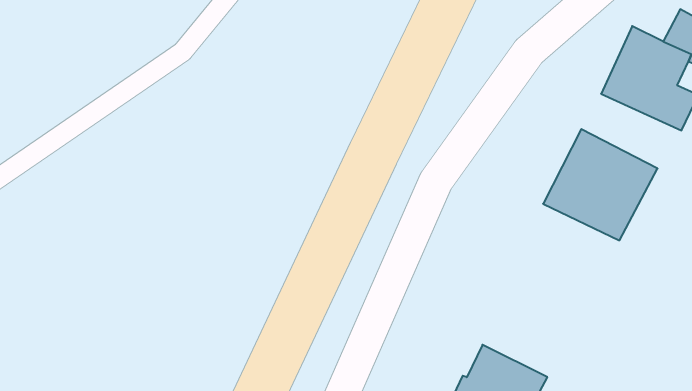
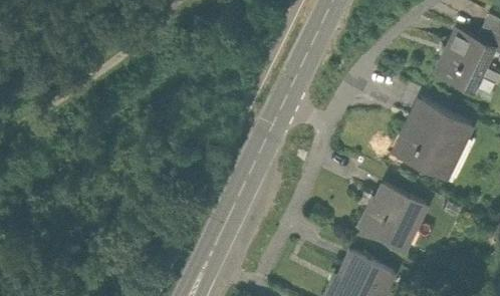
building: none -> [358,185,429,253]

